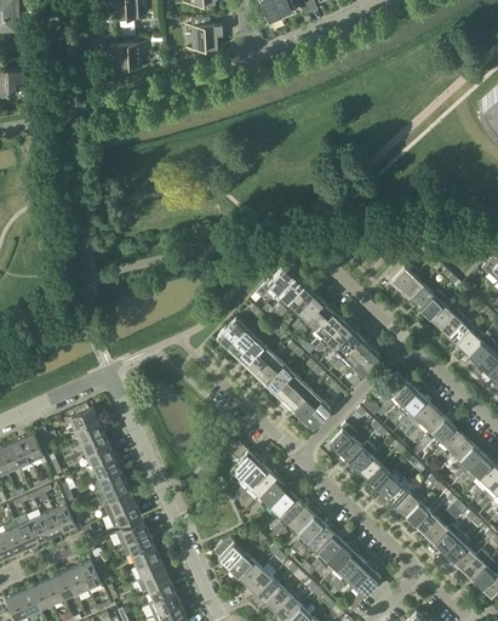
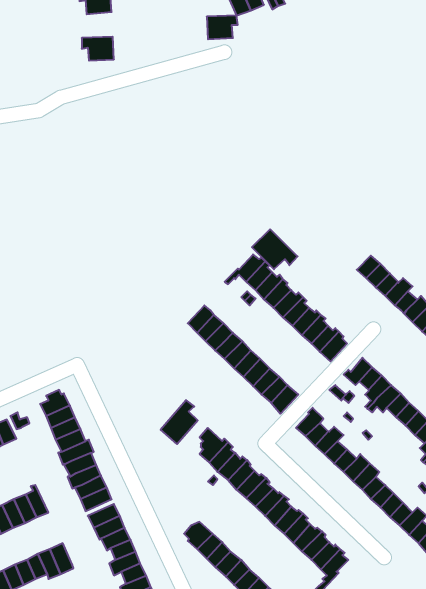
building: [190,25,222,50] -> [207,15,238,39]
building: none -> [252,229,298,269]
building: none -> [161,400,198,444]

